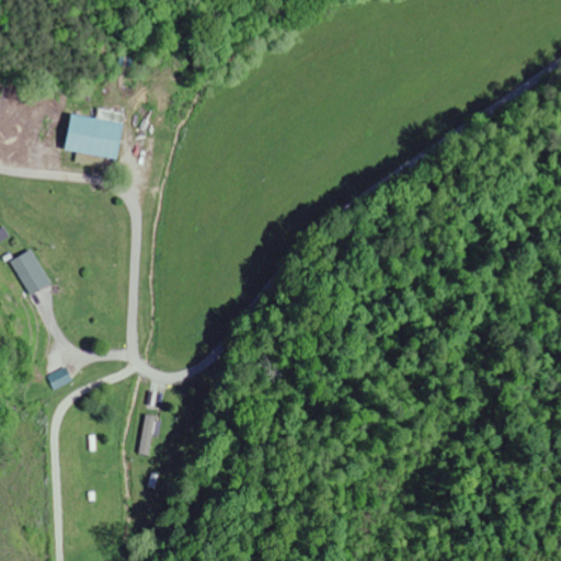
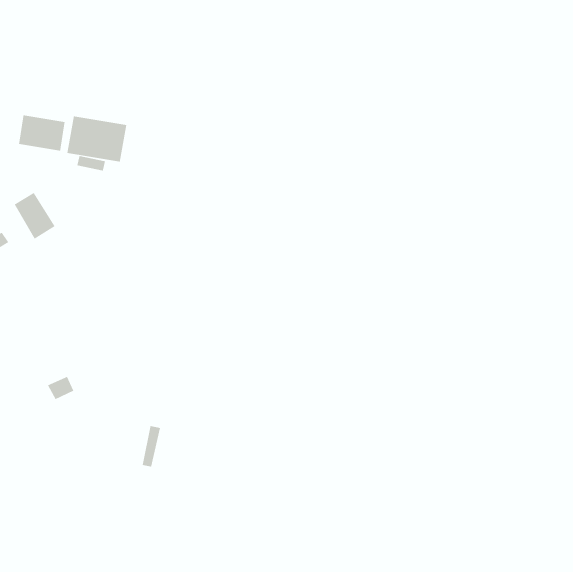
building: none -> [18,115,65,151]
building: [11,249,51,295] -> [14,192,55,240]

